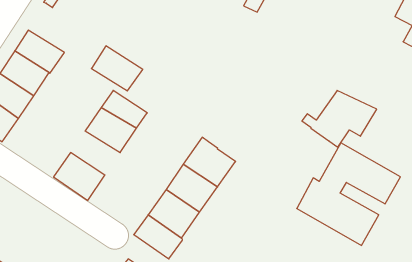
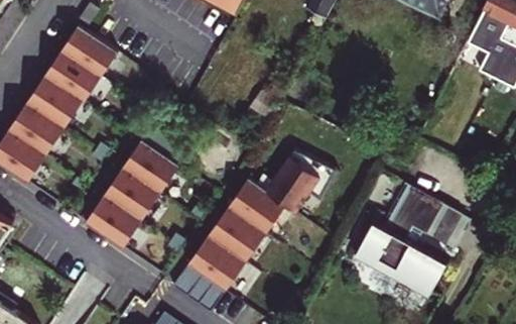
building: [91,46,143,91] -> [53,35,111,86]
building: [302,90,377,147] -> [255,151,339,215]
building: none -> [101,174,156,223]

